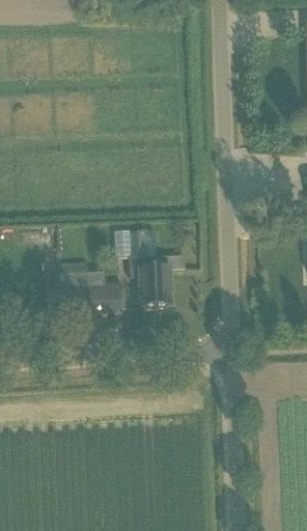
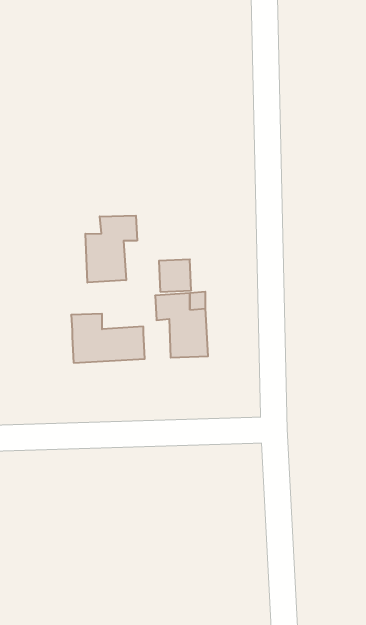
building: none -> [85,216,137,283]

